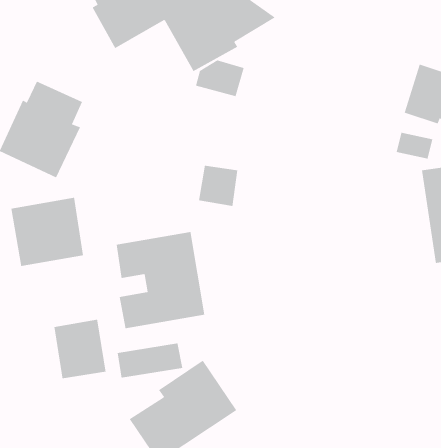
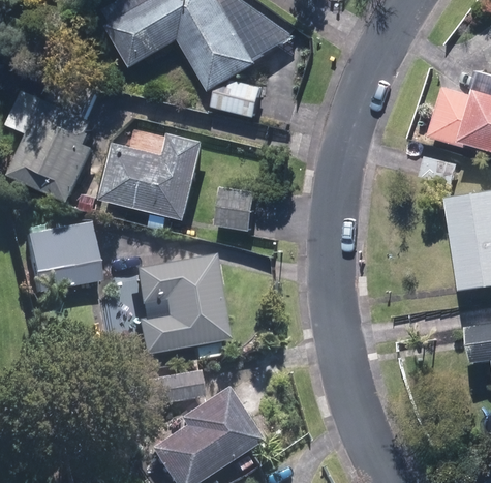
building: none -> [100,132,205,220]
building: [54,319,106,379] -> none

